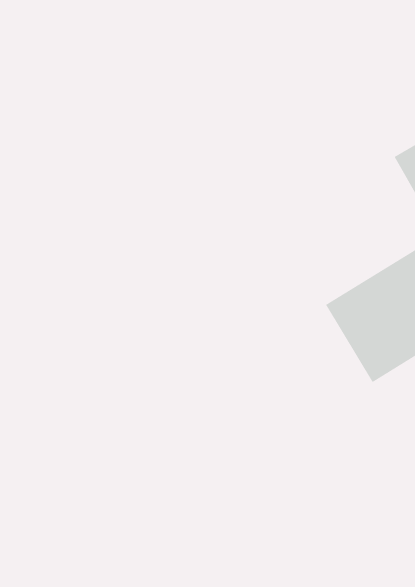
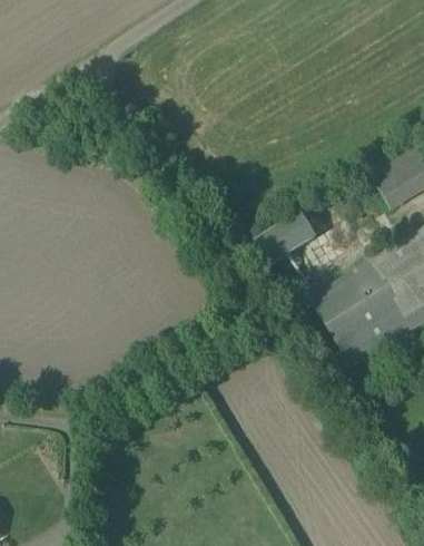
building: none -> [248,212,316,269]

